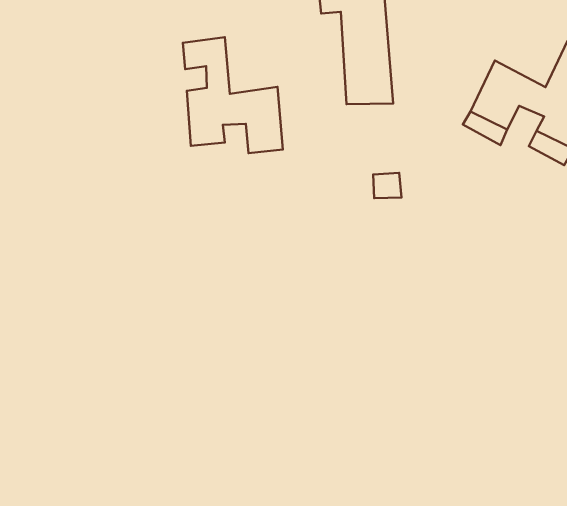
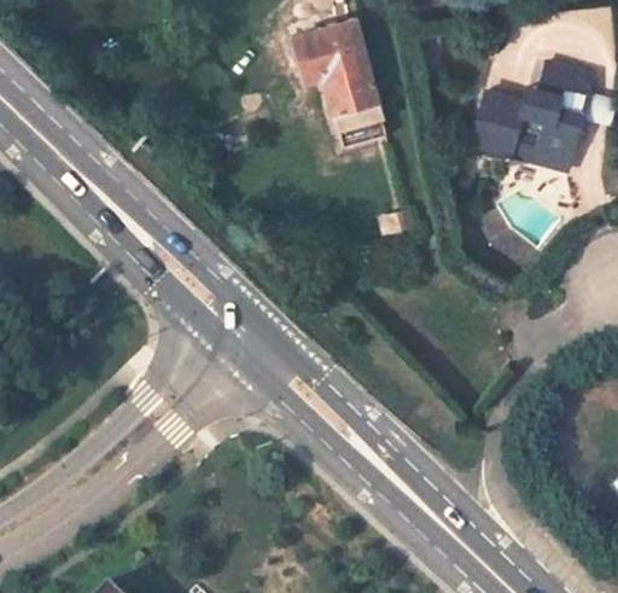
building: [183,37,283,153] -> none

